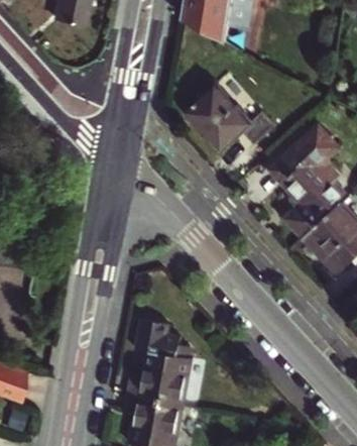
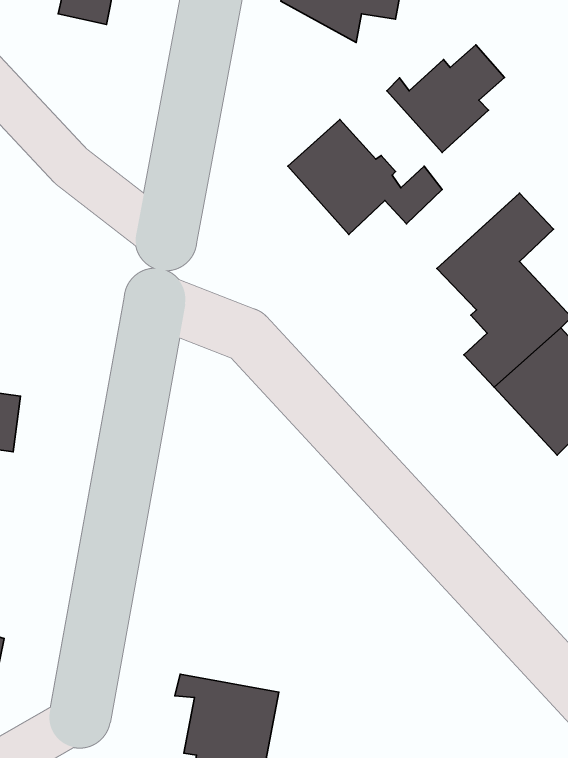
building: none -> [387,45,505,152]
building: [126,316,191,407] -> none

